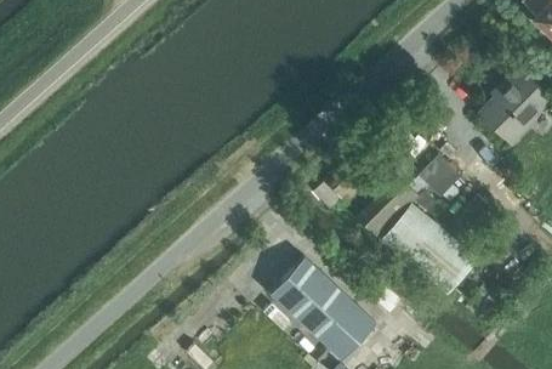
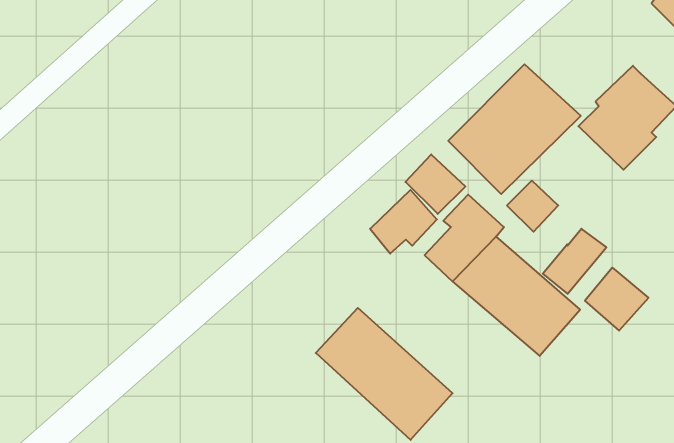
building: none -> [448,64,581,194]
building: none -> [405,154,465,214]
building: none -> [585,268,648,331]

